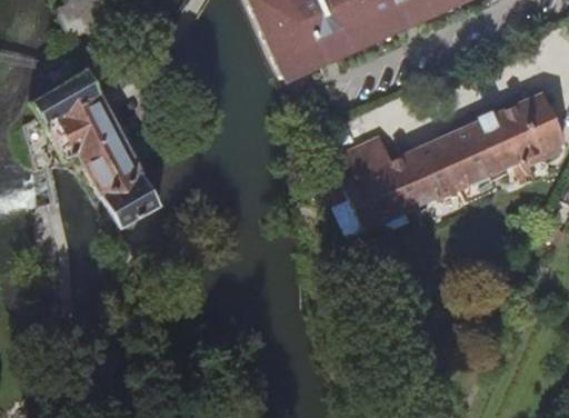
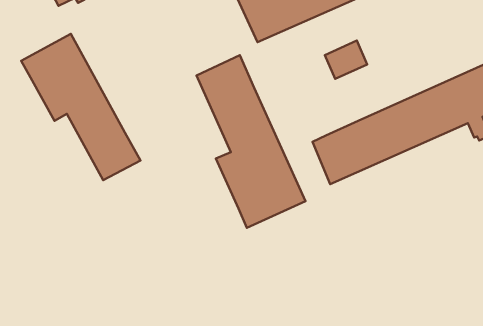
building: none -> [196,55,305,228]
building: [349,137,395,178] -> [325,41,367,79]

